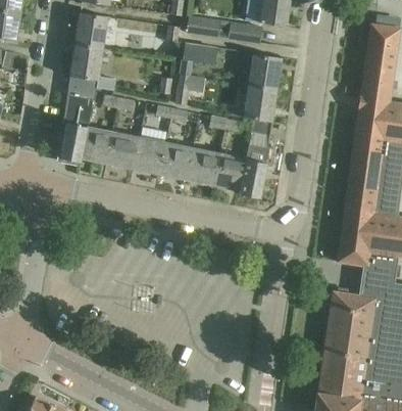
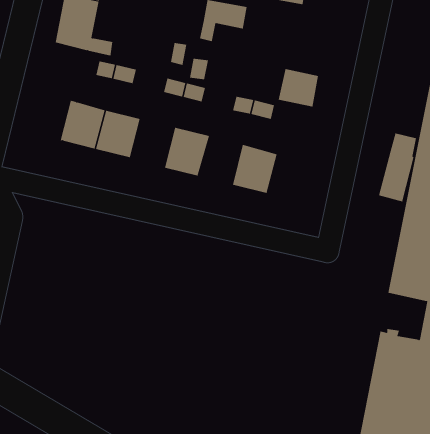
building: [248,54,281,97] -> none
building: [59,83,95,162] -> none
building: [133,138,165,175] -> none
building: [239,145,266,198] -> [378,133,417,202]
building: [186,148,218,185] -> none

